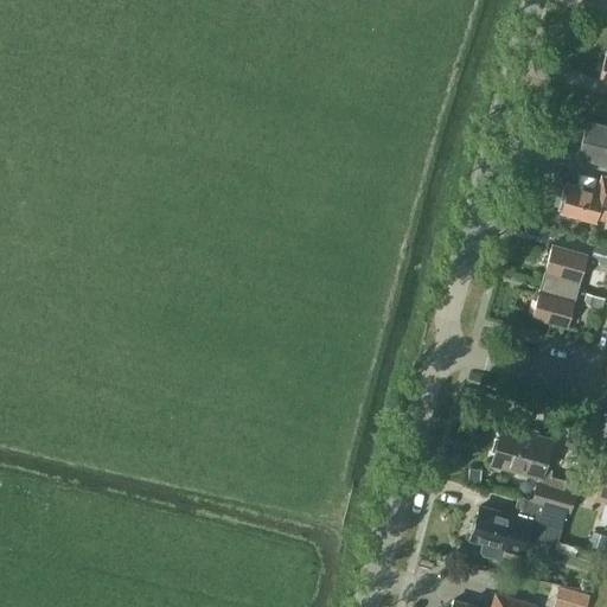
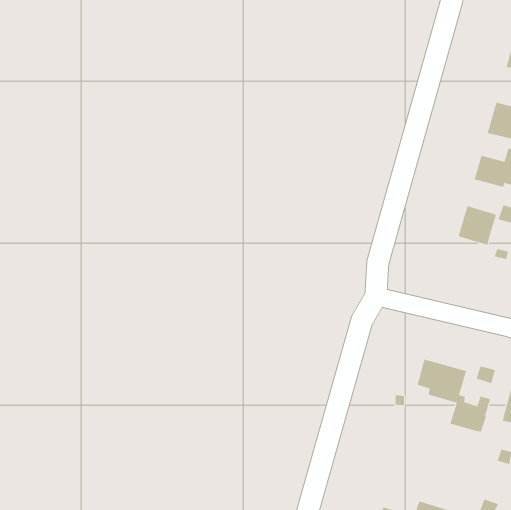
building: [532,282,579,330] -> none
building: [472,499,567,560] -> none

